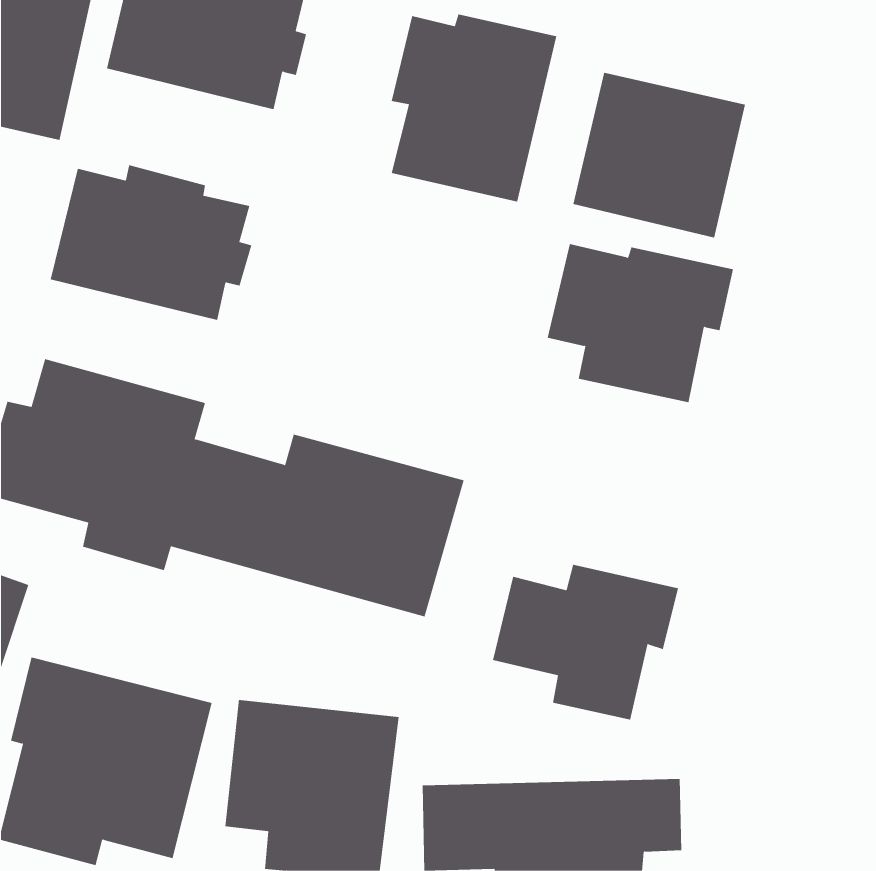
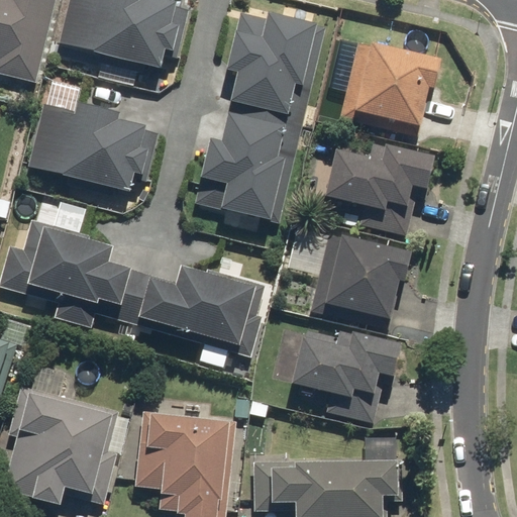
building: none -> [197,102,305,222]
building: none -> [285,227,410,331]

